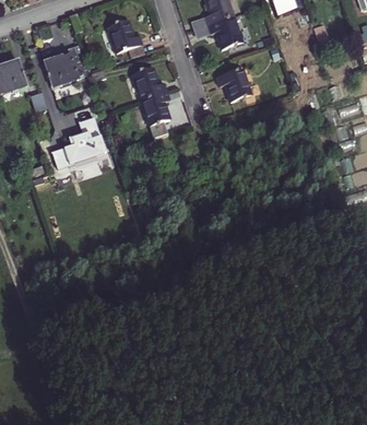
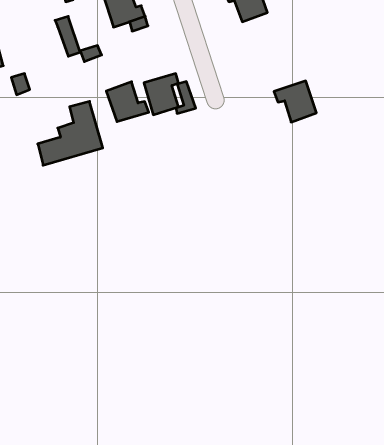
building: [43,52,78,85] -> none
building: [131,66,166,98] -> [106,82,149,122]
building: [215,67,250,101] -> [274,81,316,122]

